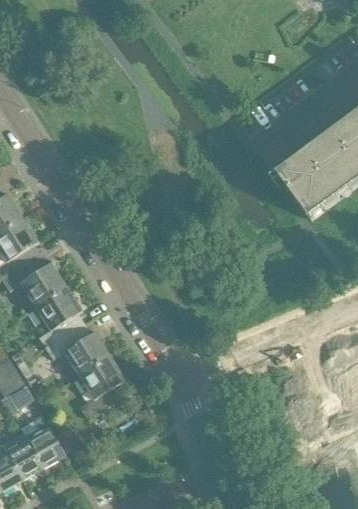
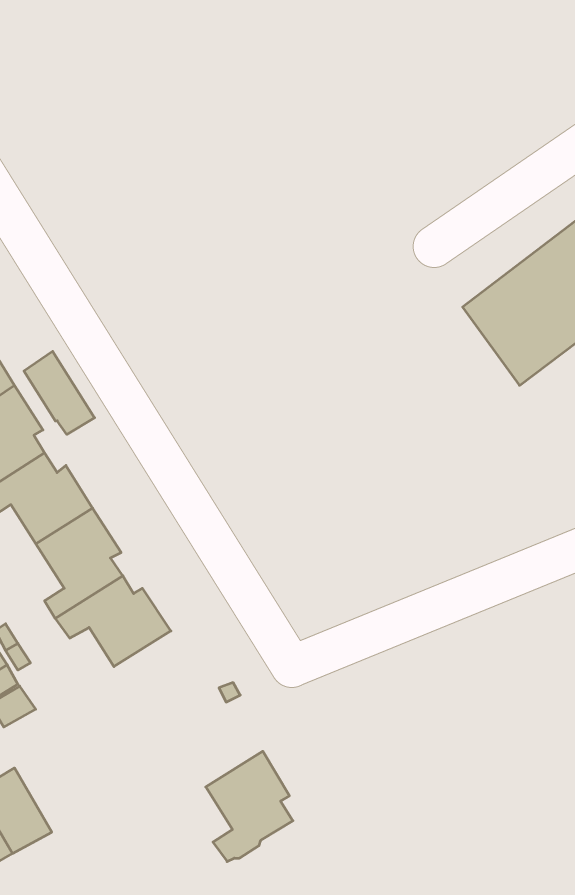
building: none -> [24,351,95,434]
building: [77,355,126,417] -> [206,751,293,862]
building: [21,415,64,468] -> none

